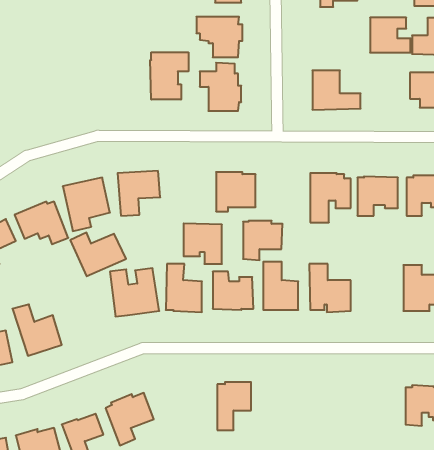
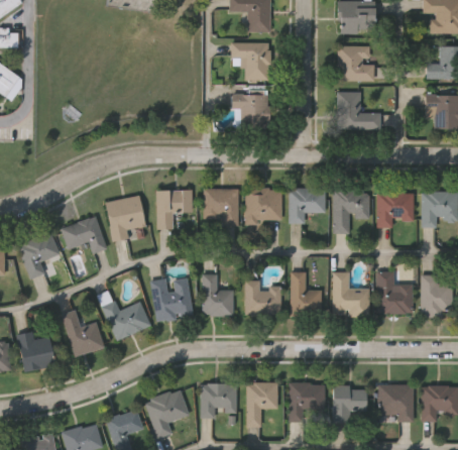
building: [370,18,411,53] -> [337,47,374,80]
building: [150,52,188,100] -> none
building: [243,221,283,260] -> [289,188,325,224]
building: [184,223,222,264] -> [204,188,239,225]
building: [70,233,126,276] -> [99,299,150,339]
building: none -> [374,269,413,314]
building: none -> [290,381,325,422]
building: none -> [201,382,237,417]
building: none -> [331,384,364,423]
building: none -> [378,384,414,422]

